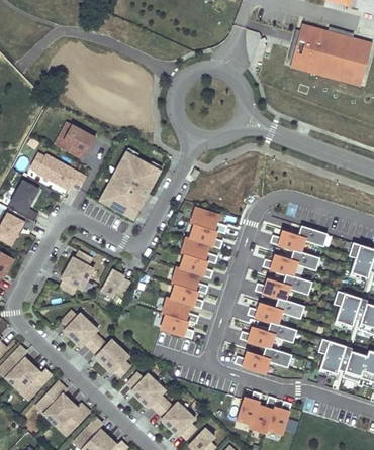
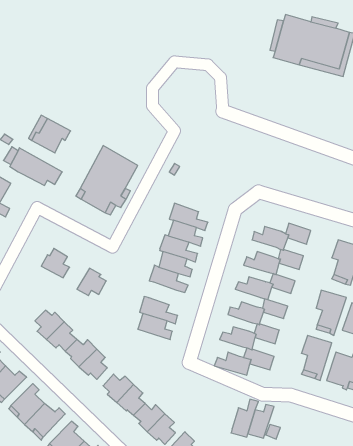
building: [60,267,88,294] -> none
building: [170,283,203,308] -> none
building: [236,390,261,424] -> none

